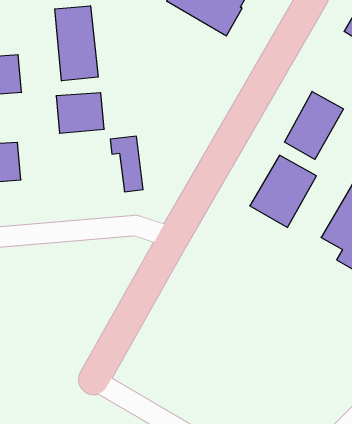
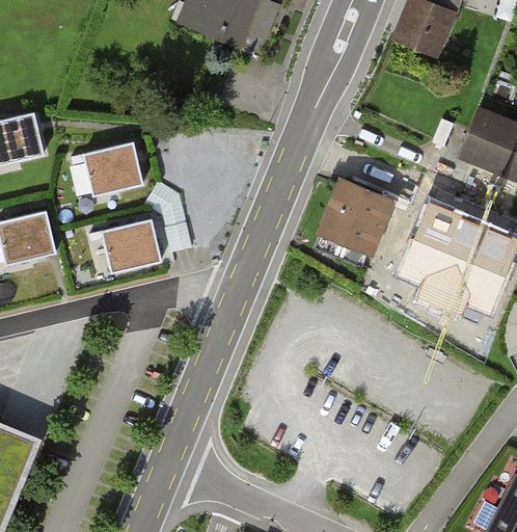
building: [55,6,98,81] -> none
building: [284,91,343,159] -> none
building: none -> [101,218,159,270]

